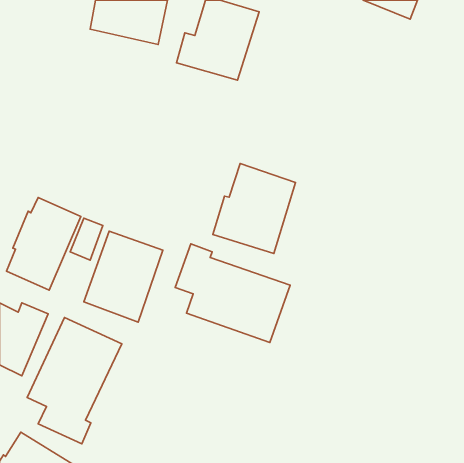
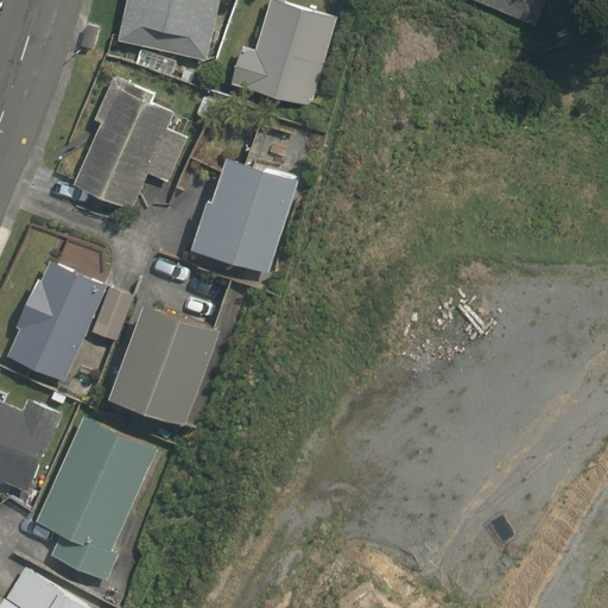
building: none -> [72,76,188,210]
building: [213,163,296,253] -> [190,156,298,273]
building: [175,244,290,343] -> none

